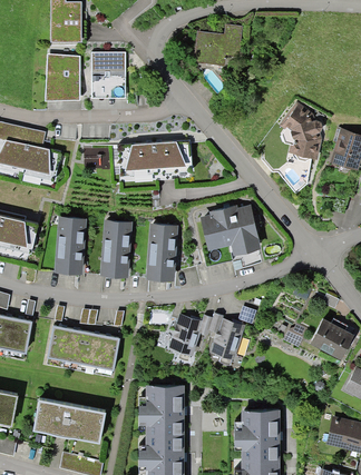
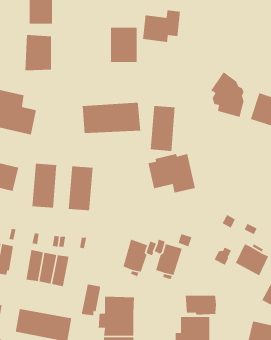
building: [90,52,125,98] -> [110,27,138,63]
building: [145,222,177,281] -> [150,105,176,152]
building: [94,335,119,376] -> [81,284,101,316]
building: none -> [185,295,217,315]

